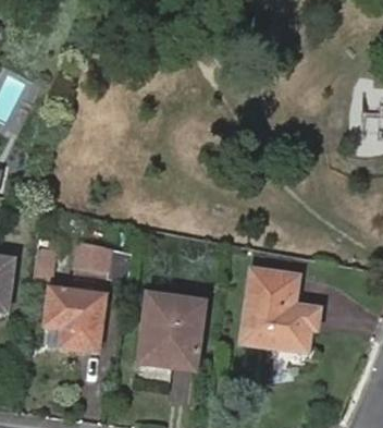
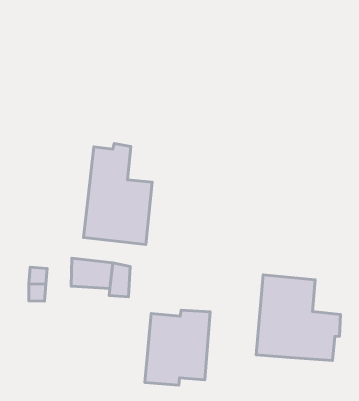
building: none -> [83,143,152,244]
building: [44,286,103,348] -> none

